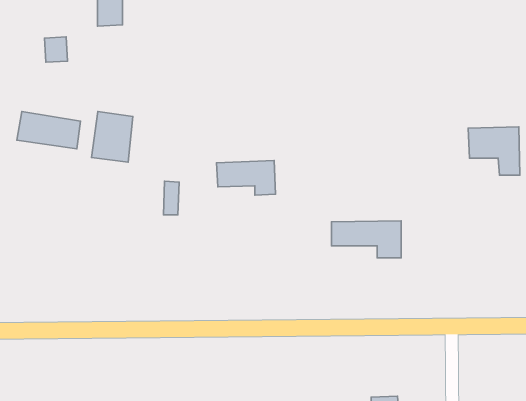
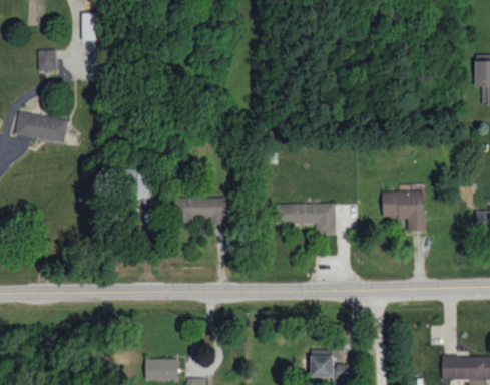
building: [91,112,133,162] -> none
building: [468,127,520,175] -> [382,190,425,231]
building: [217,160,275,195] -> [178,197,227,226]

